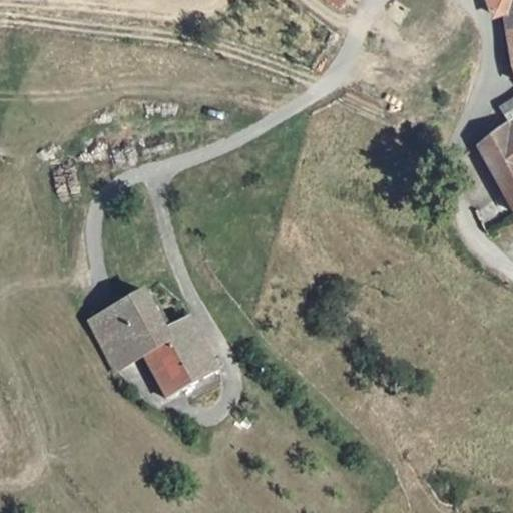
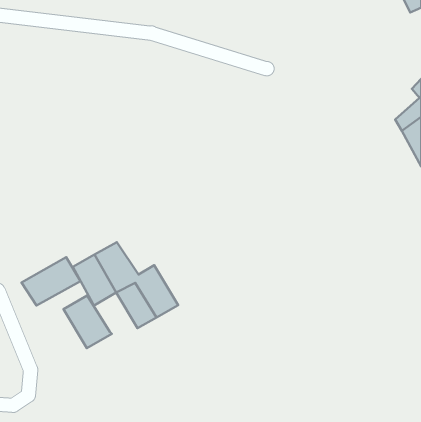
building: none -> [21,257,81,306]
building: none -> [63,295,112,348]

